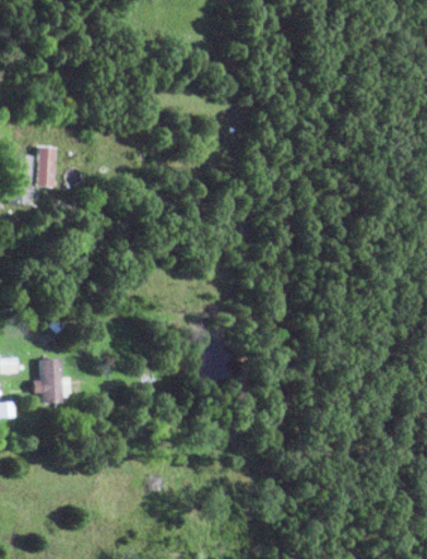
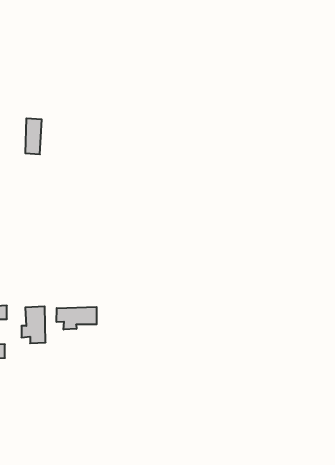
building: none -> [57,307,97,330]

